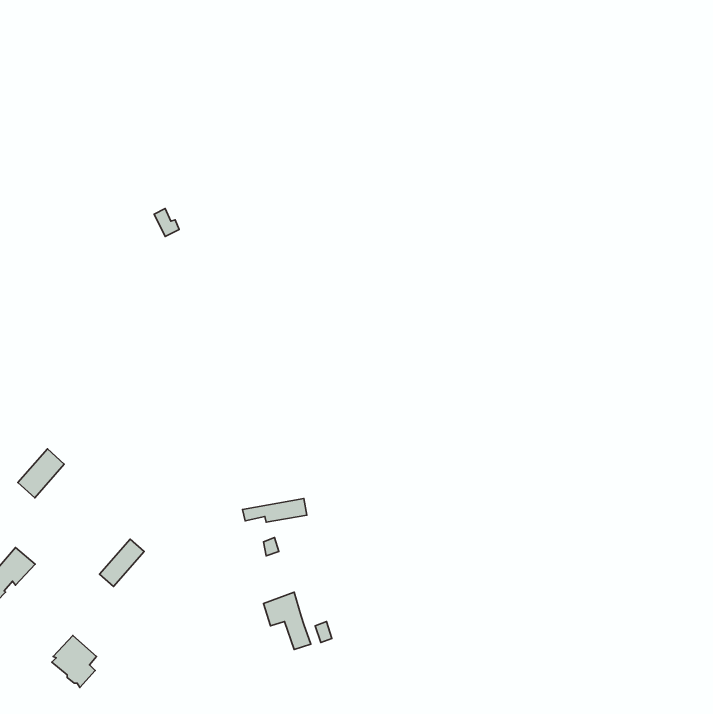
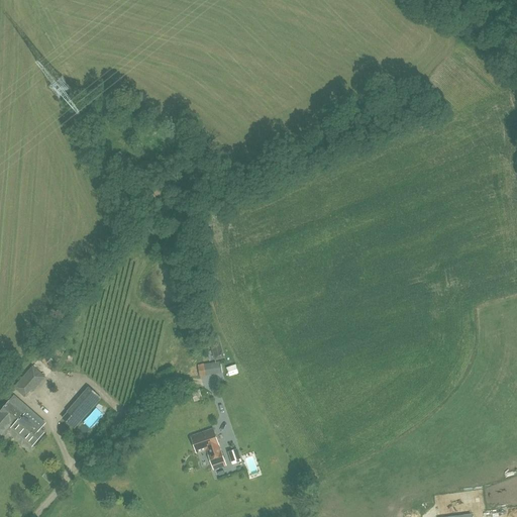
building: [18,449,64,498] -> [10,365,43,400]
building: [52,636,97,687] -> [10,407,42,444]

